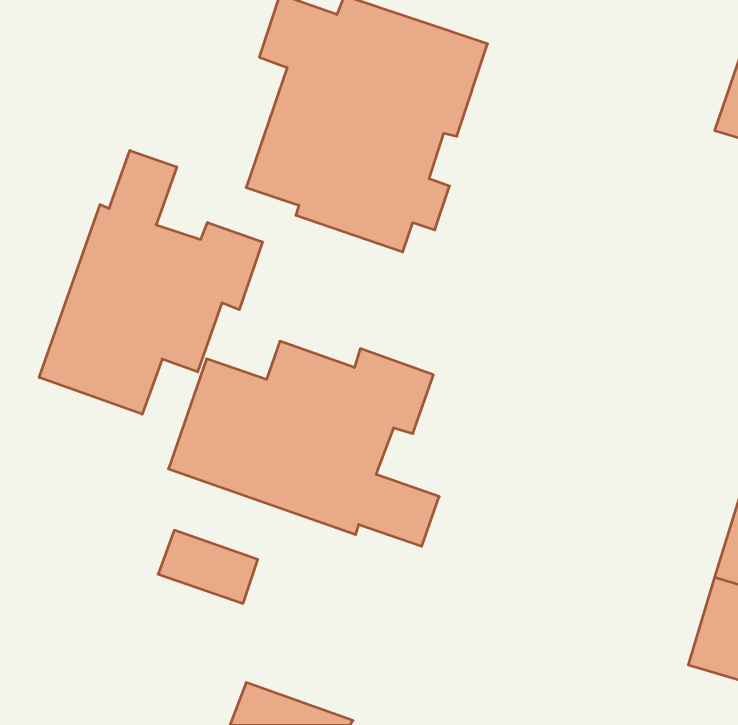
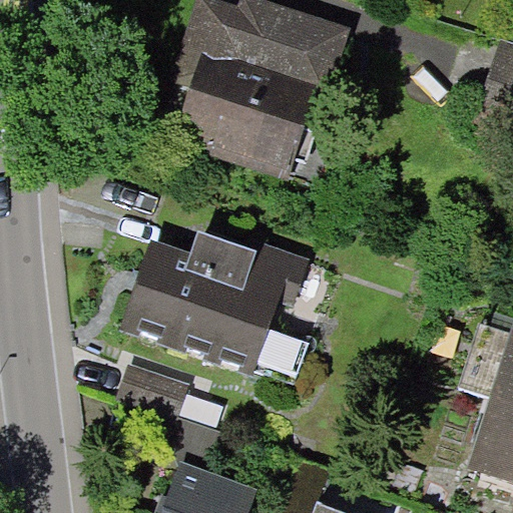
building: [39,150,262,414] -> none

